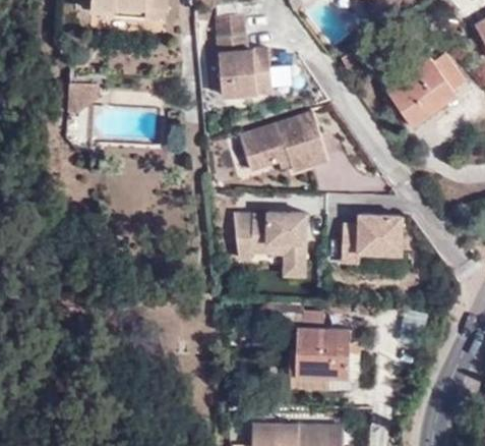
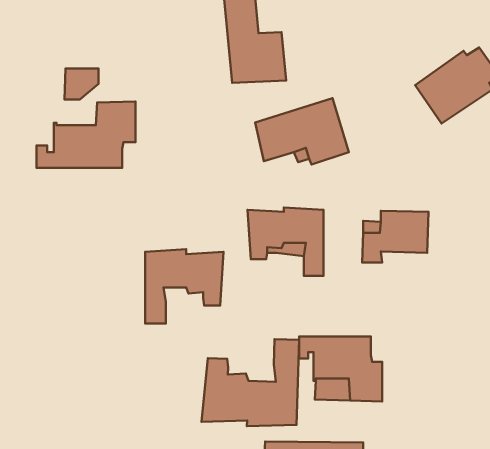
building: none -> [37,101,135,168]
building: none -> [145,249,223,323]
building: none -> [202,339,299,426]

